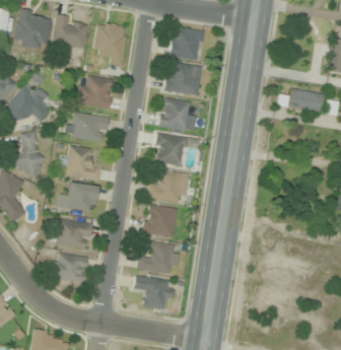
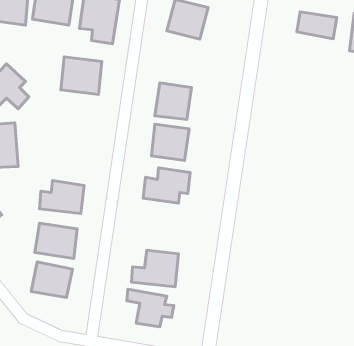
building: [164,63,202,95] -> none
building: [289,89,324,113] -> [297,12,337,39]
building: [66,114,108,141] -> none
building: [65,146,100,181] -> none
building: [144,205,177,237] -> none

